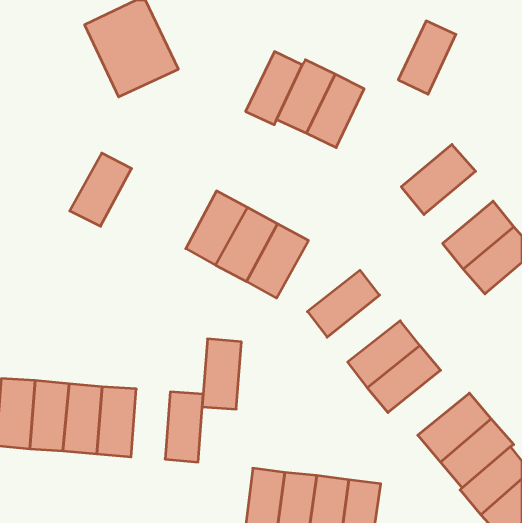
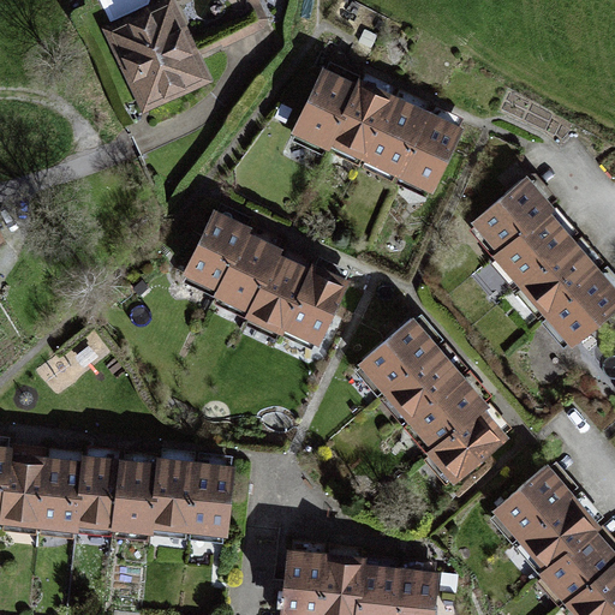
building: [398,21,456,94] -> [392,108,459,193]
building: [70,153,132,226] -> [180,209,252,294]
building: none -> [489,209,574,288]
building: none -> [381,348,466,426]
building: [202,339,241,409] -> [153,458,198,539]

